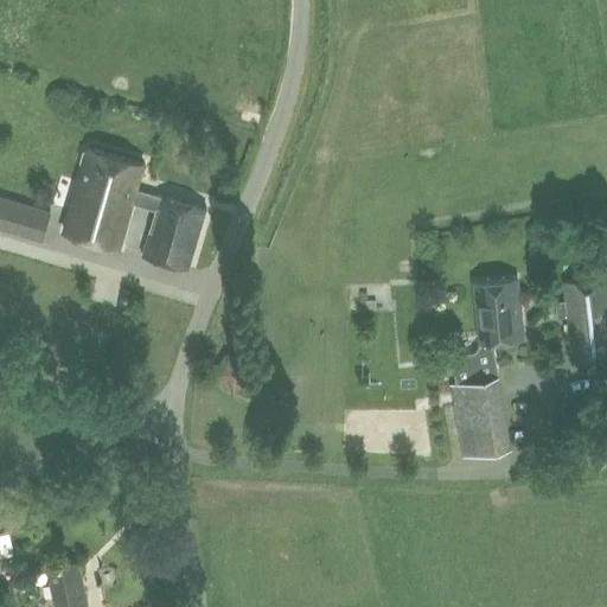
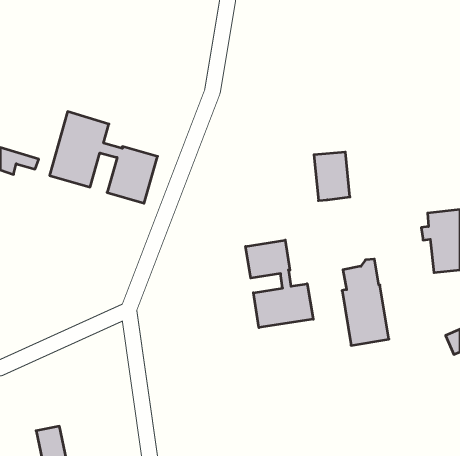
building: [475,283,523,347] -> [314,152,350,201]
building: none -> [246,240,313,328]

